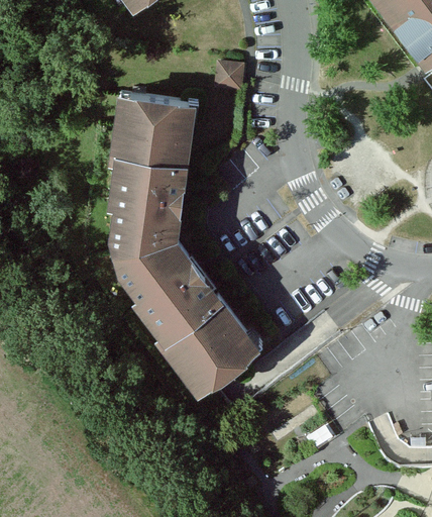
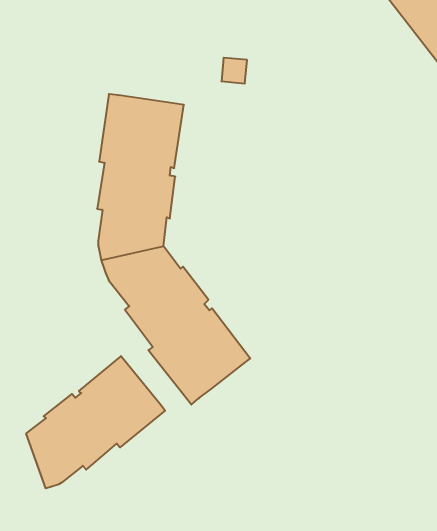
building: none -> [26,356,165,488]

